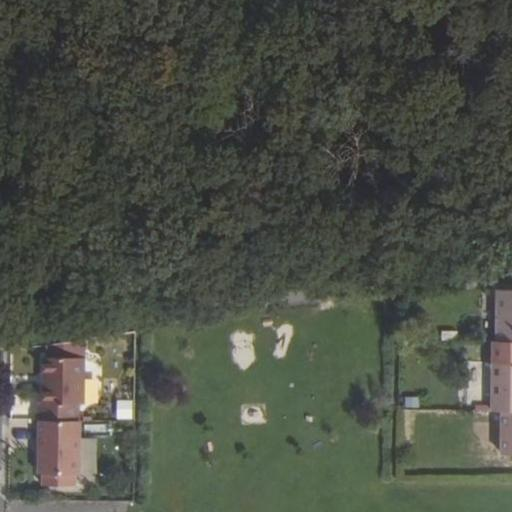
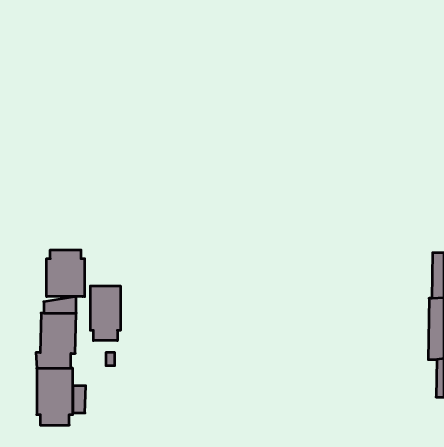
building: none -> [47,250,85,297]
building: none -> [90,286,120,341]

